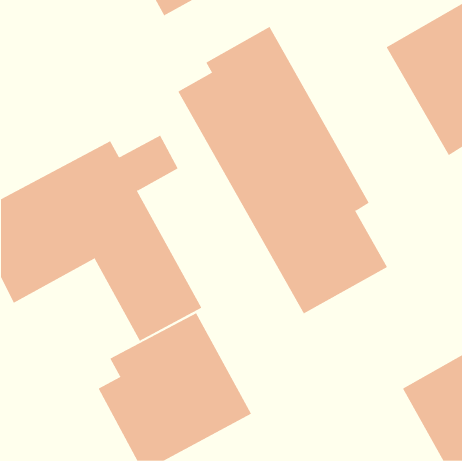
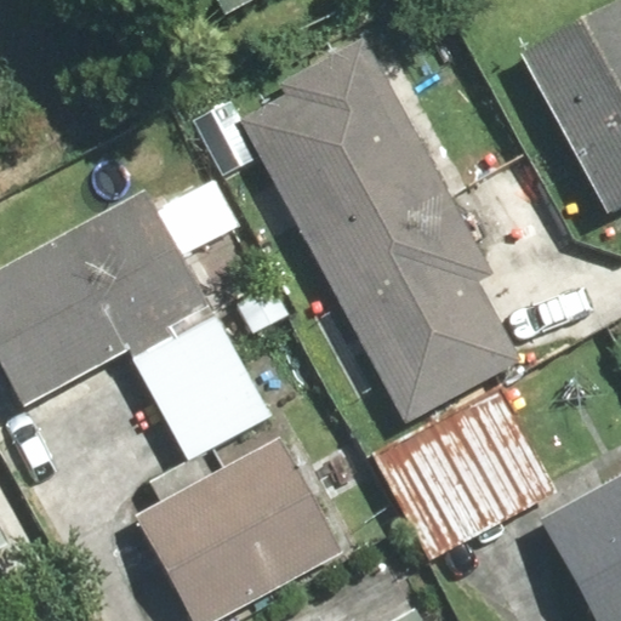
building: none -> [375,391,553,557]

